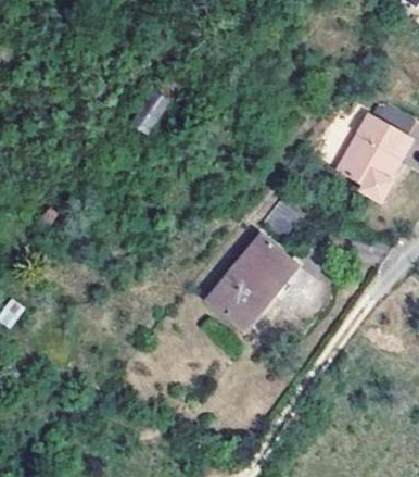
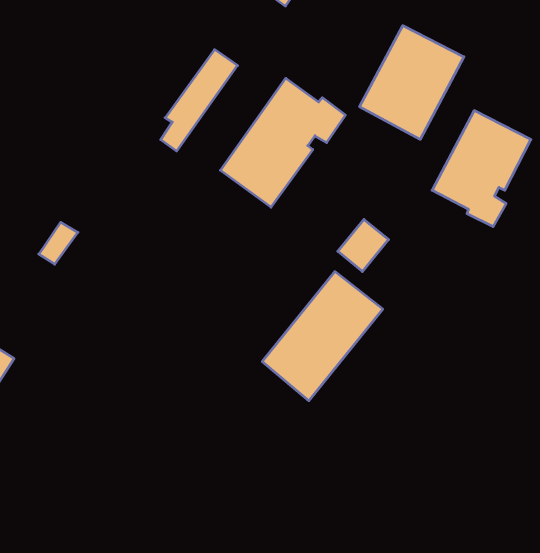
building: none -> [360,26,464,139]
building: none -> [220,78,345,207]

